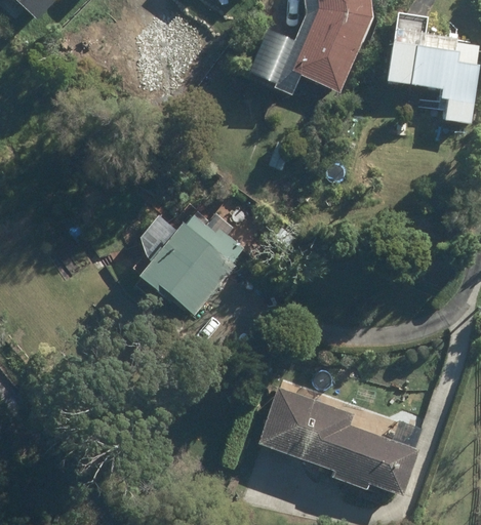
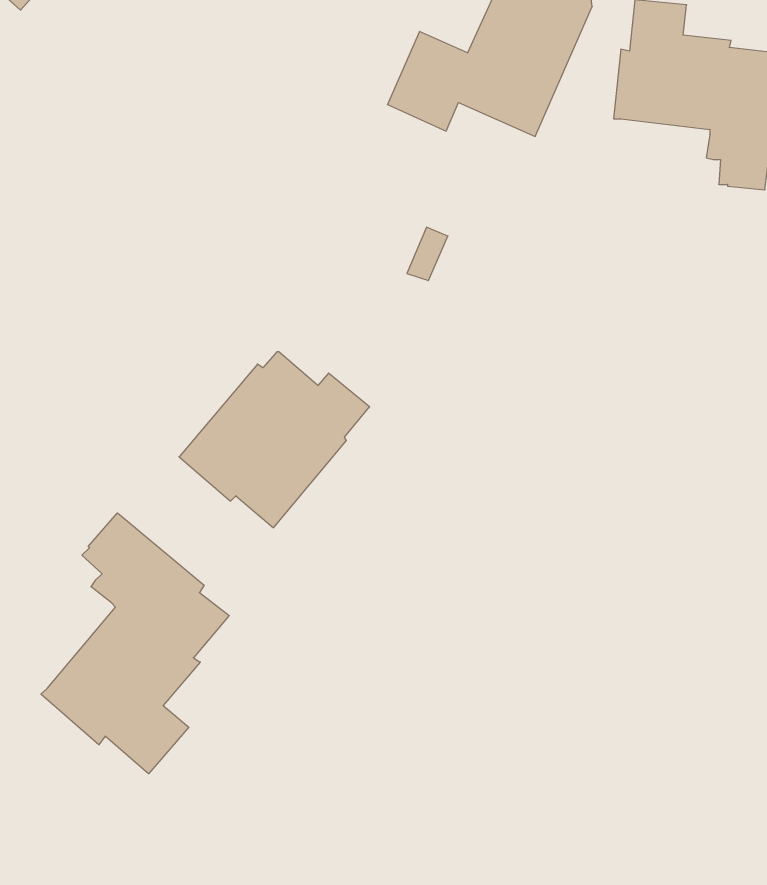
building: none -> [41,513,229,774]
building: [256,387,418,496] -> none

